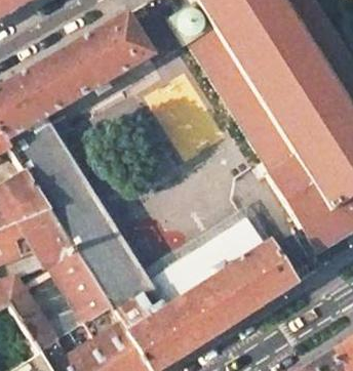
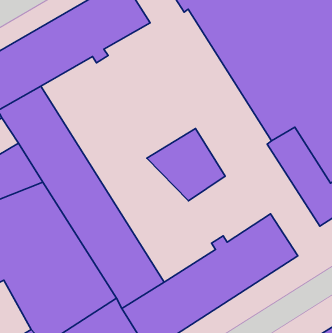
building: none -> [147,129,225,201]

